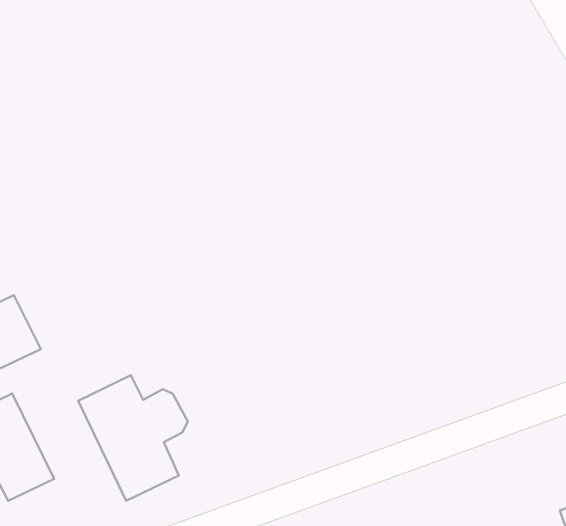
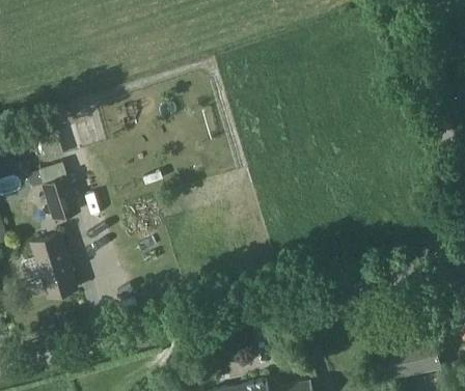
building: [78,375,188,501] -> none

